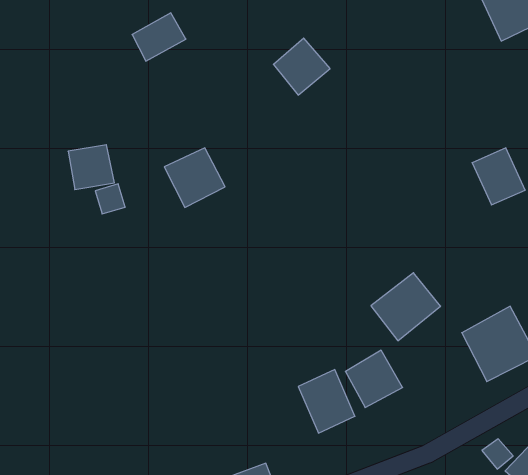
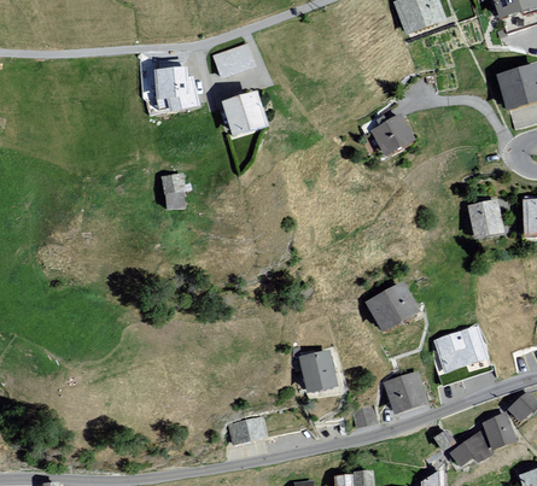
building: [273,38,330,95] -> [372,112,416,157]
building: [68,145,114,190] -> [154,68,187,99]
building: [164,148,225,207] -> [220,93,265,137]
building: [345,350,403,408] -> [384,369,427,412]

